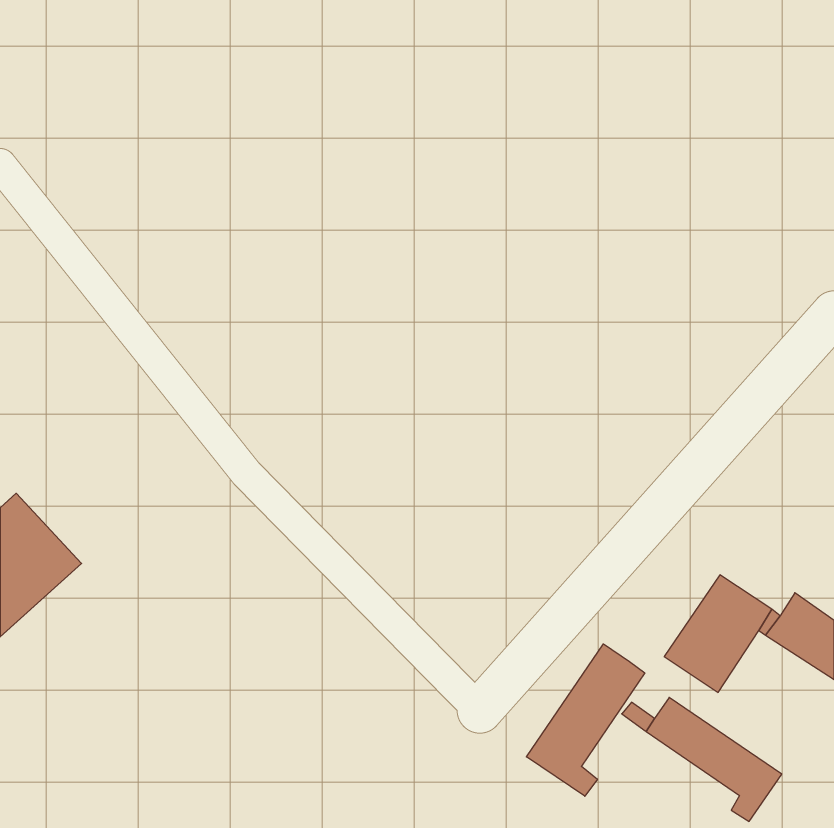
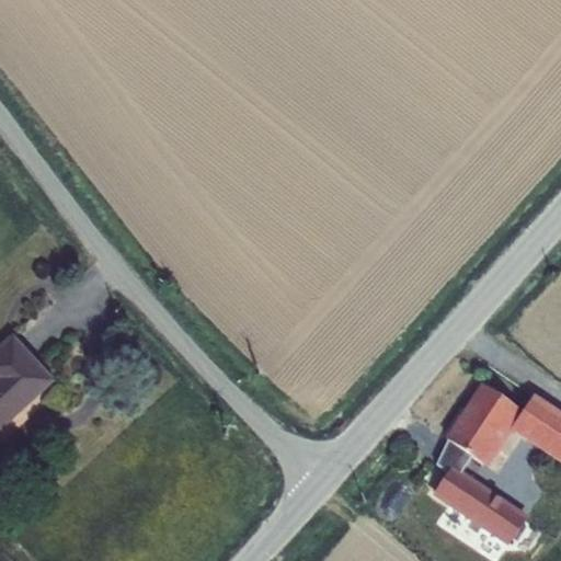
building: [526,644,645,796] -> none

